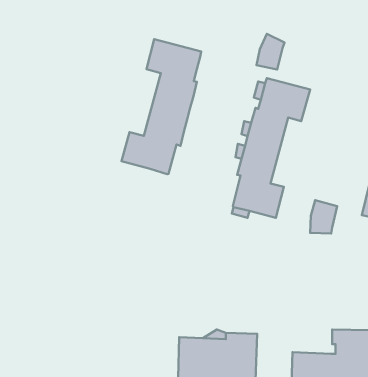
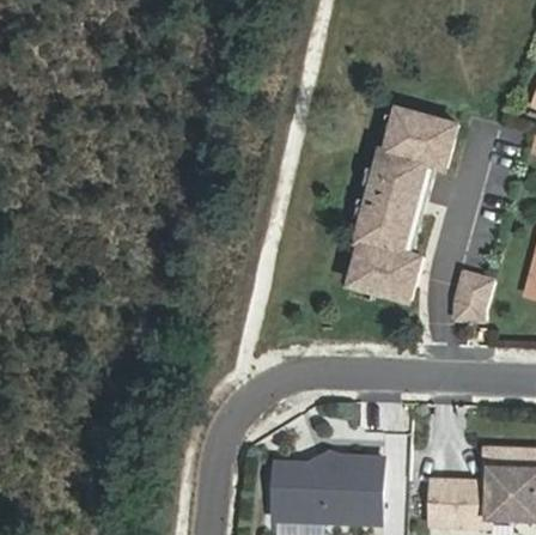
building: [256,34,284,70] -> none
building: [122,39,201,174] -> none

